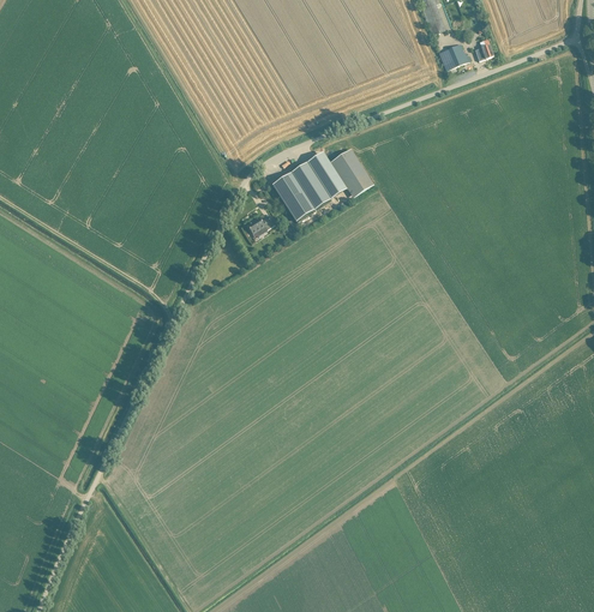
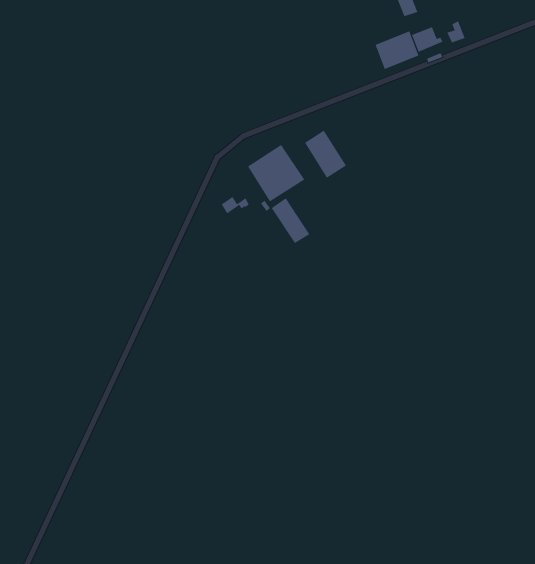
building: none -> [375,31,419,70]
building: [307,150,347,197] -> [271,197,310,244]

